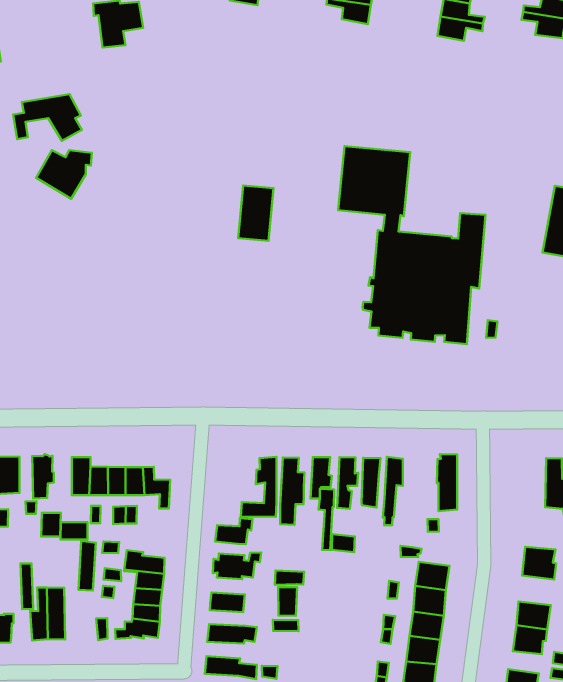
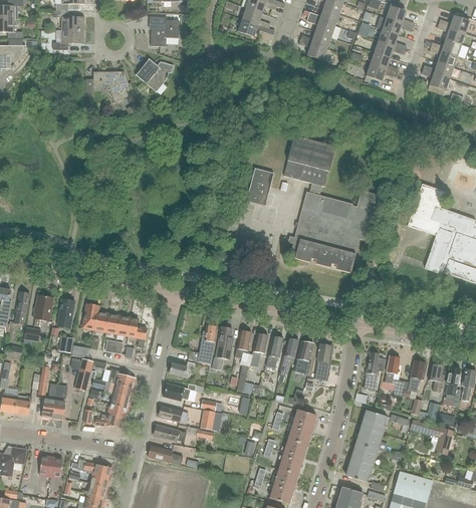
building: [36,150,92,199] -> [136,58,174,91]
building: [238,185,274,241] -> [245,168,273,206]
building: none -> [364,349,385,389]
building: none -> [293,340,313,374]
building: none -> [355,428,381,450]

